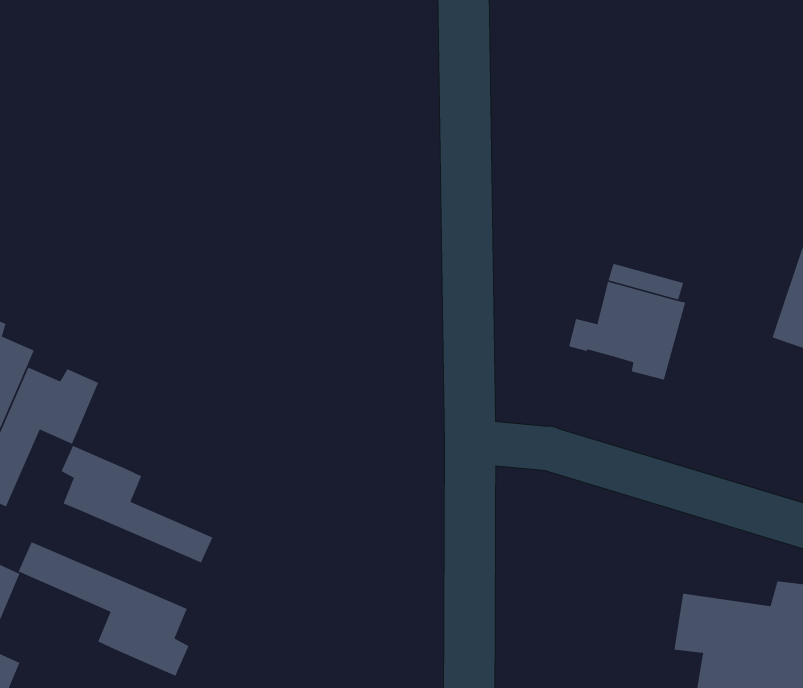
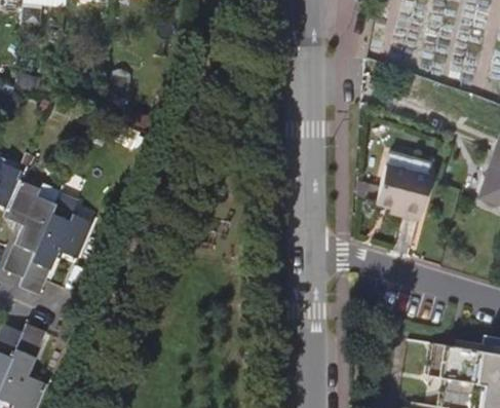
building: [61,445,213,564] -> none
building: [17,541,189,677] -> none

